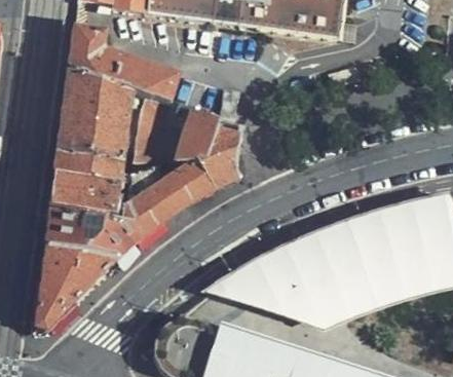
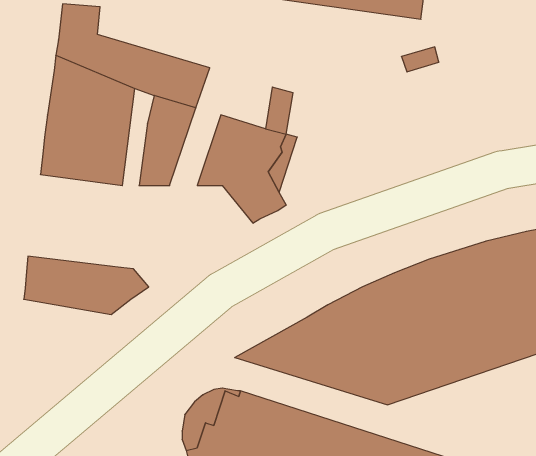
building: [50,156,120,224] -> none
building: [119,164,217,239] -> none
building: [36,249,112,329] -> none

